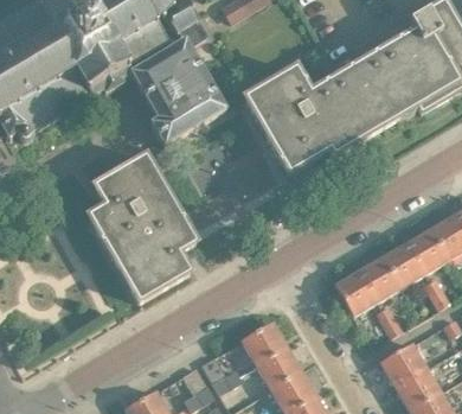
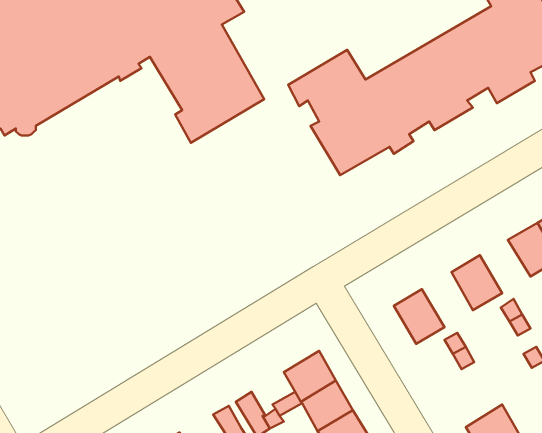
building: [88,157,195,302] -> none
building: [406,228,449,273] -> none
building: [358,255,400,301] -> none
building: [380,343,425,386] -> none

